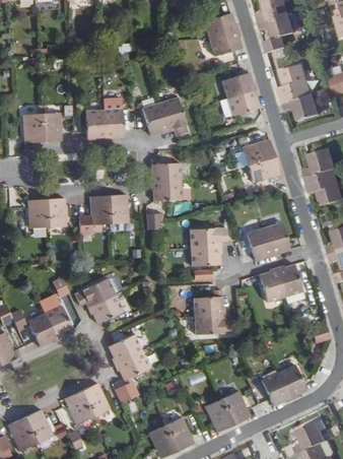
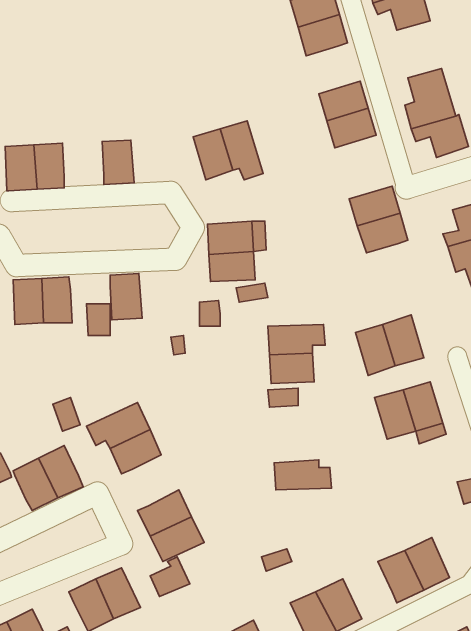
building: [102,109,123,137] -> none
building: [108,194,128,223] -> none
building: [193,296,222,316] -> none

